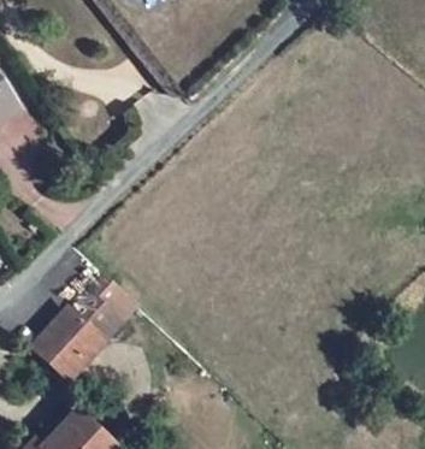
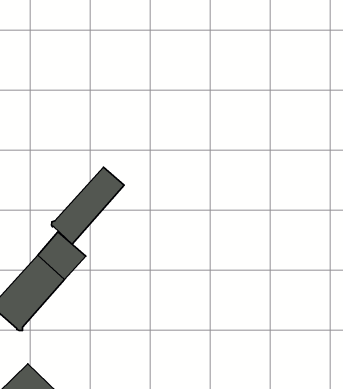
building: none -> [52,167,124,244]

